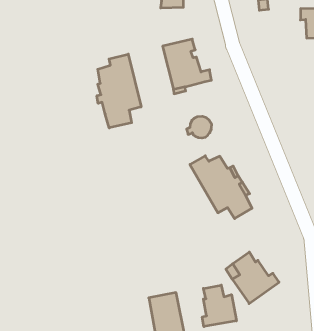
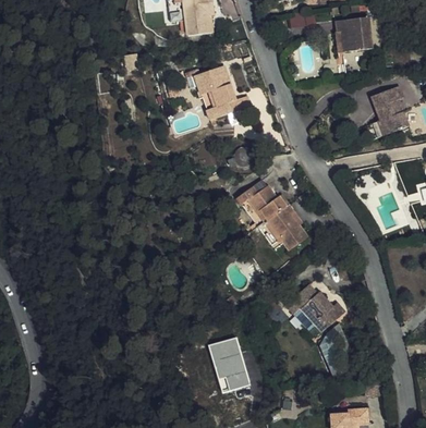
building: [97,54,141,128] -> none
building: [202,285,236,327] -> none

